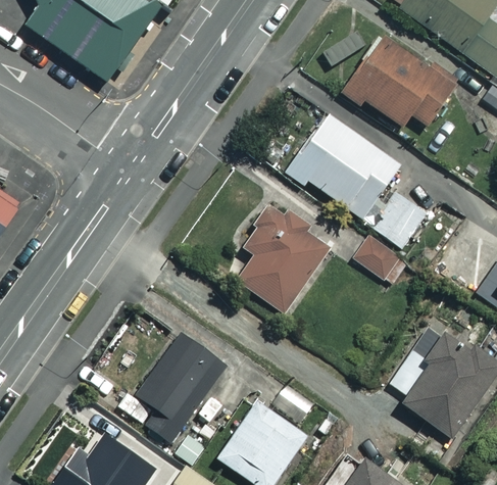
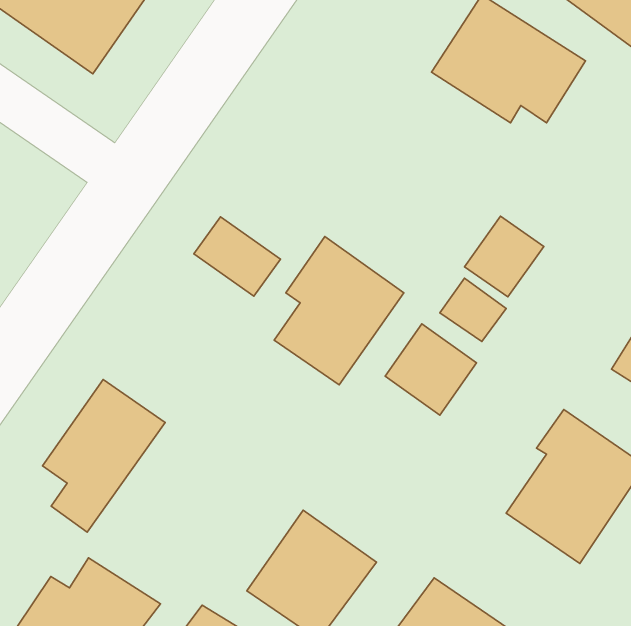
building: [285,111,400,217] -> none
building: none -> [194,217,281,296]
building: none -> [385,324,477,415]
building: [139,334,226,442] -> [43,379,165,532]

